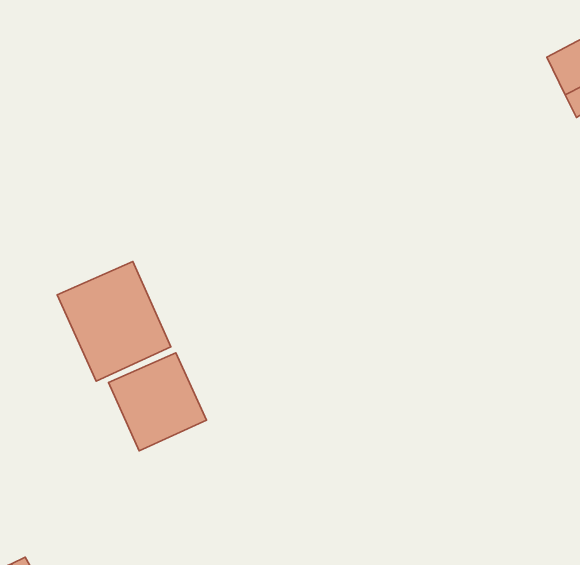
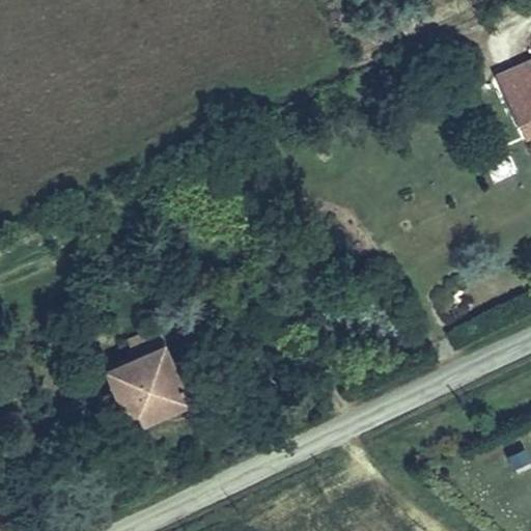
building: [57,261,171,381] -> none

